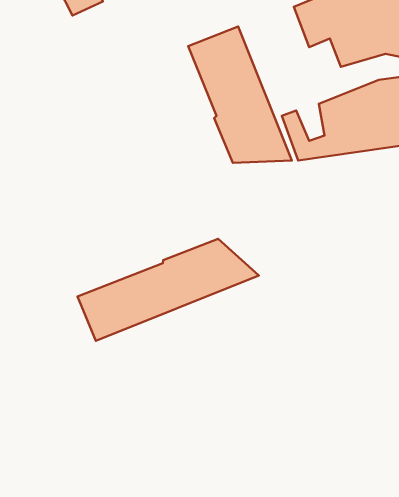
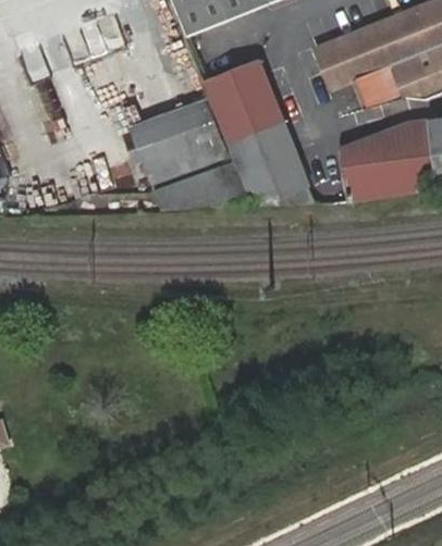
building: none -> [131,96,255,210]
building: [78,239,259,341] -> none

